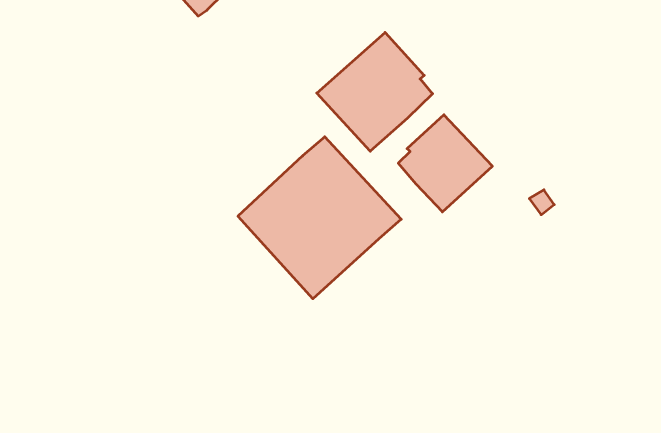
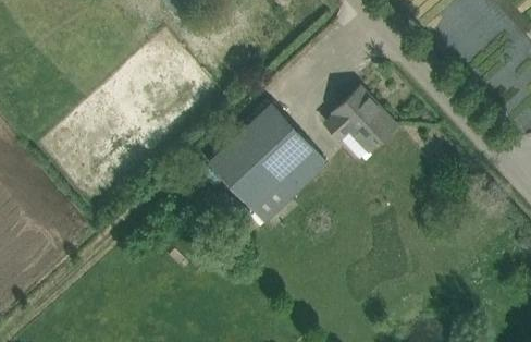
building: [317,32,433,151] -> none

